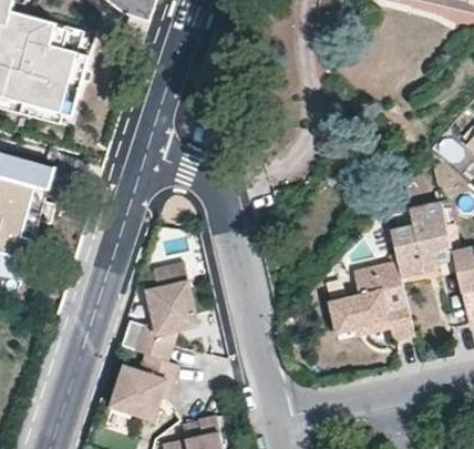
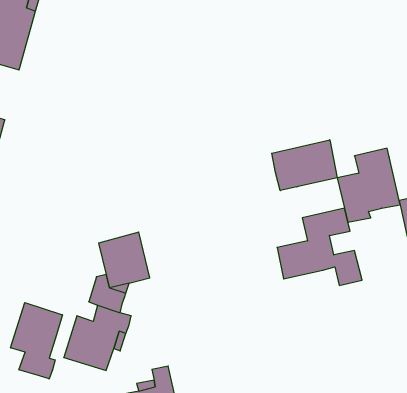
building: none -> [272,140,337,191]
building: none -> [11,303,62,379]

